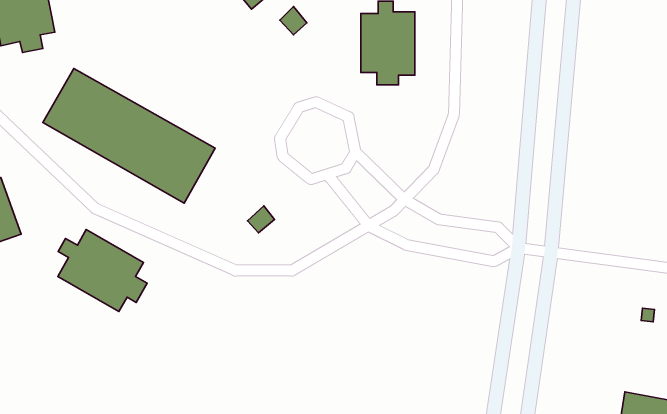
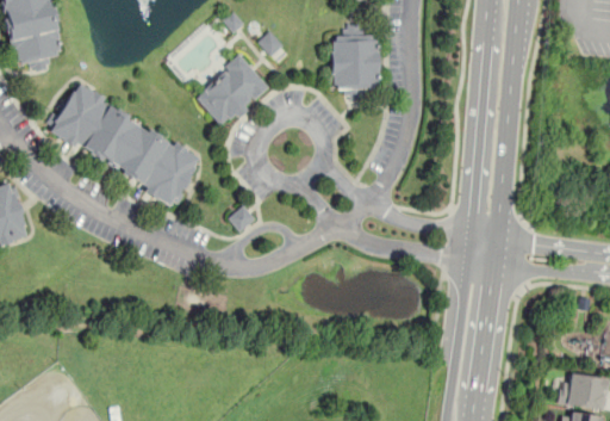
building: none -> [195,54,270,130]
building: [58,230,147,311] -> none

